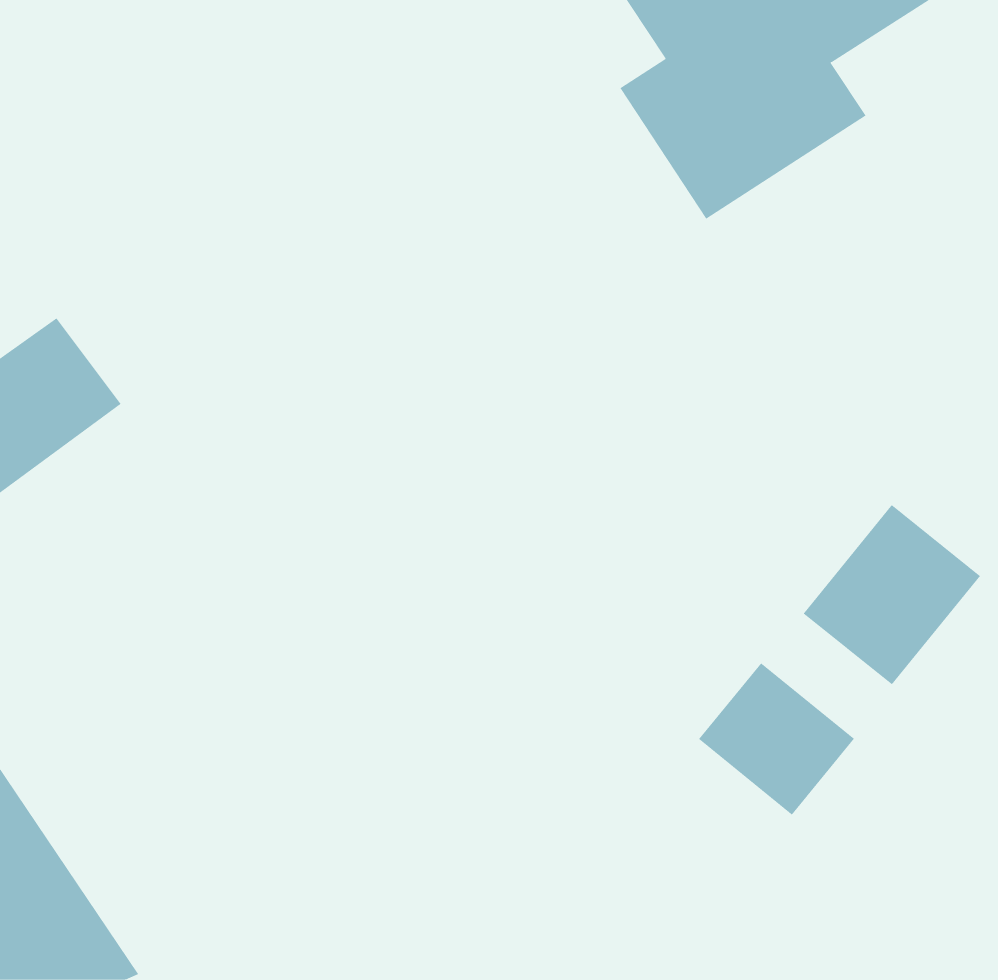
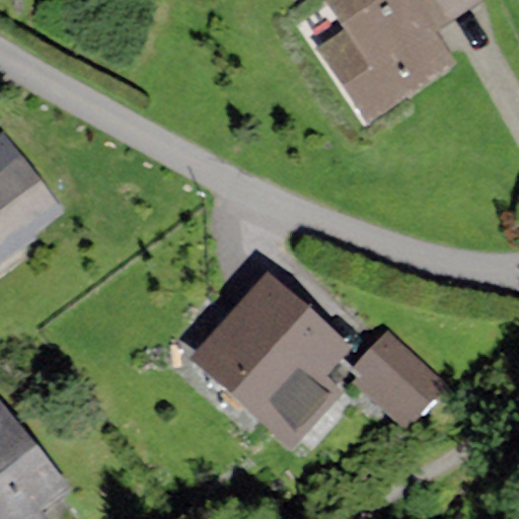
building: [803,504,981,685] -> none
building: none -> [201,285,360,440]

